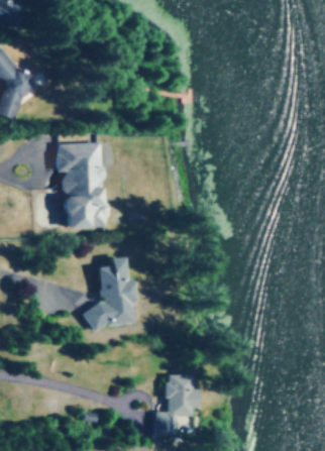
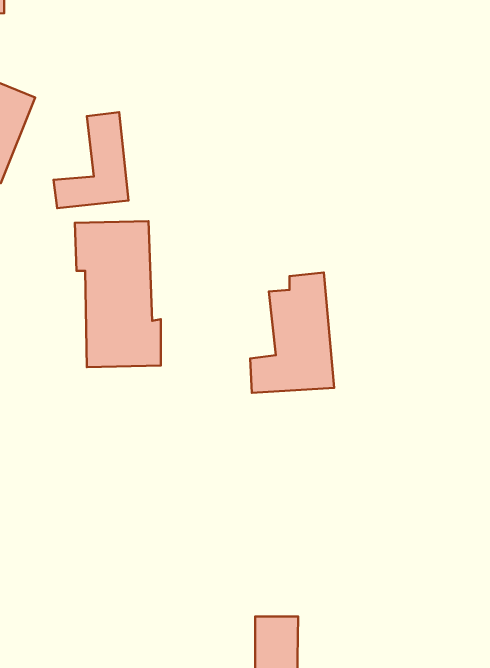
building: none -> [53,112,128,208]
building: [86,256,135,327] -> [250,273,334,393]

